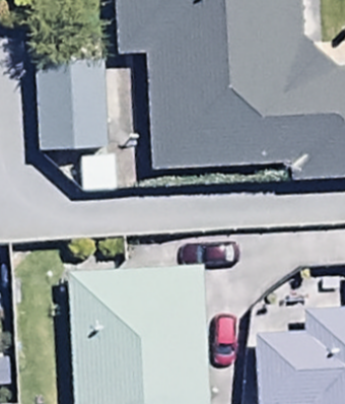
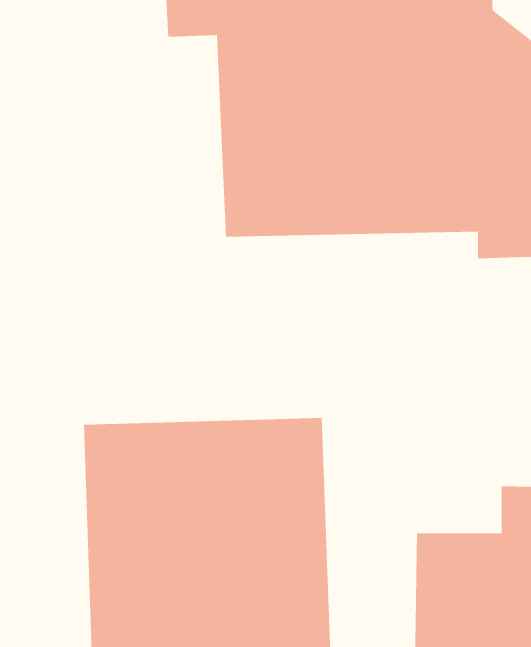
building: [36,60,107,147] -> none

